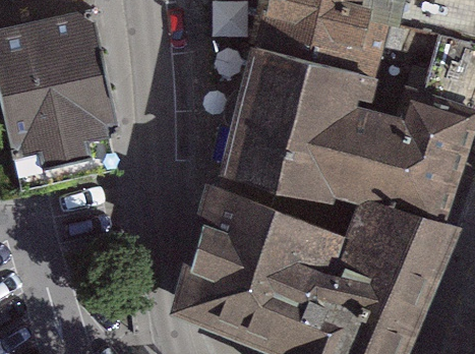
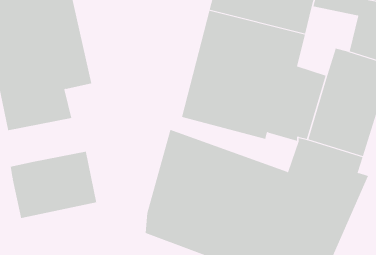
building: none -> [10,151,97,219]

